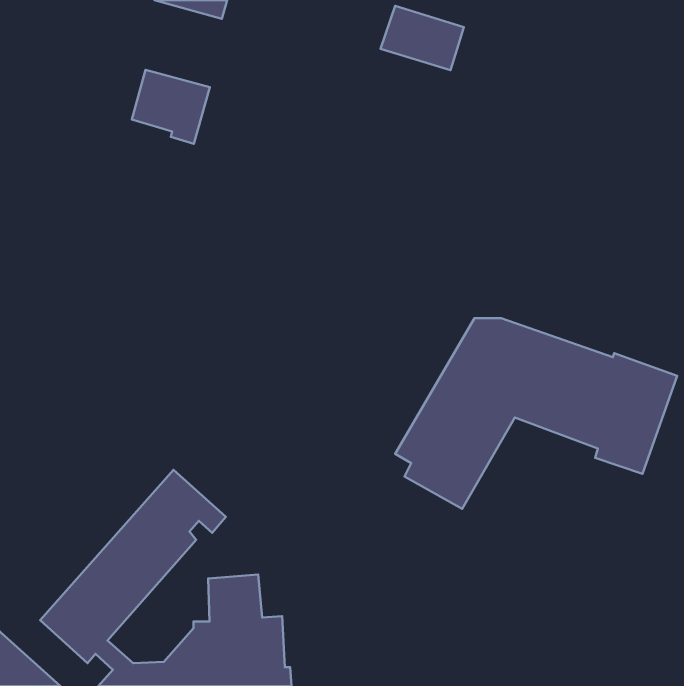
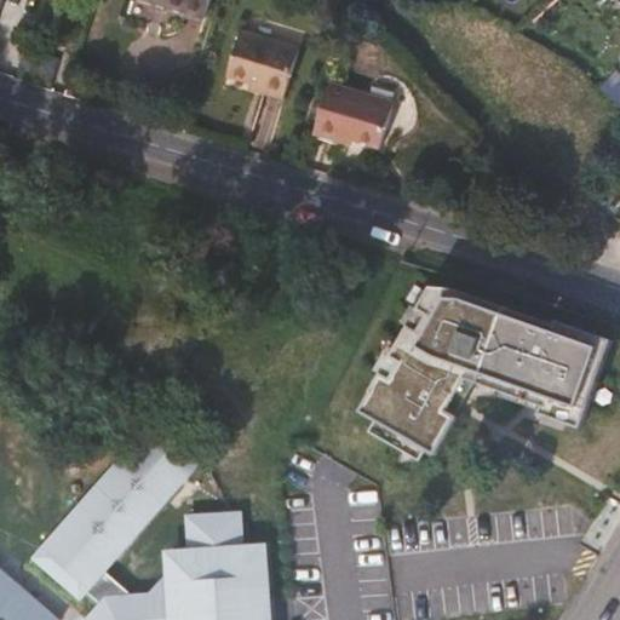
building: [381,6,464,70] -> [312,90,388,148]
building: [132,70,210,144] -> [225,29,295,96]

